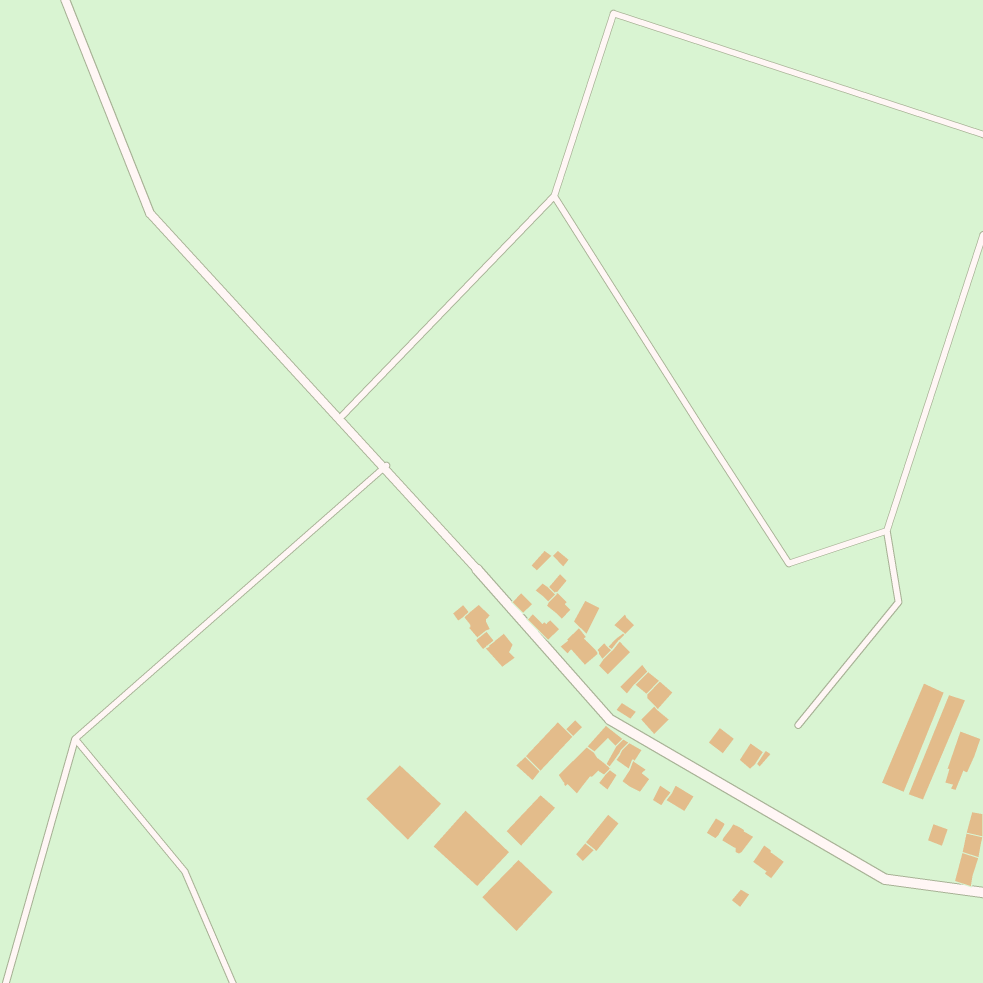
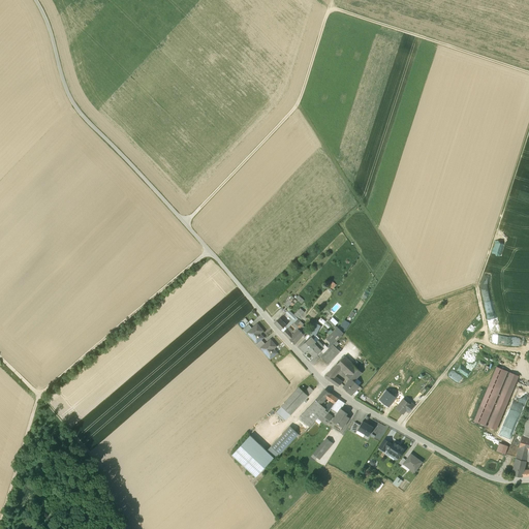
building: [366,764,442,840] -> none
building: [481,859,553,932] -> none

